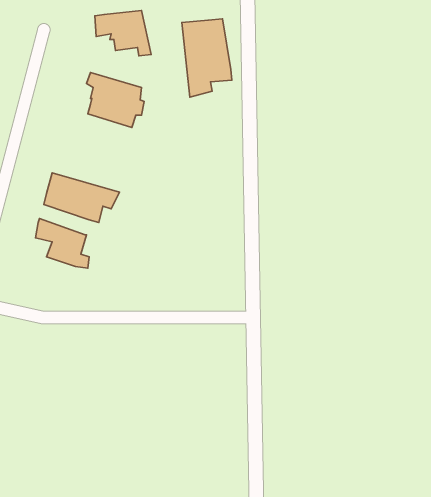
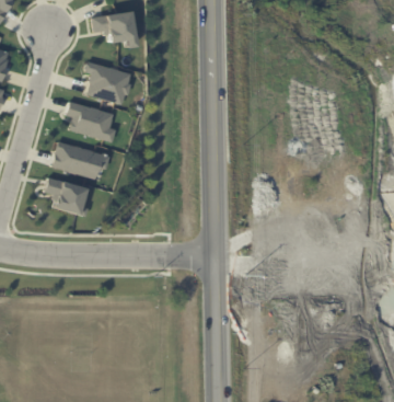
building: [182,19,232,97] -> none
building: none -> [66,100,115,142]

